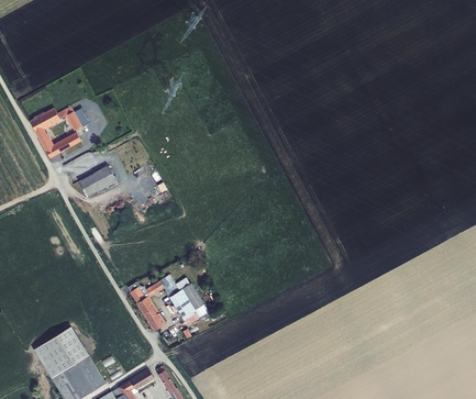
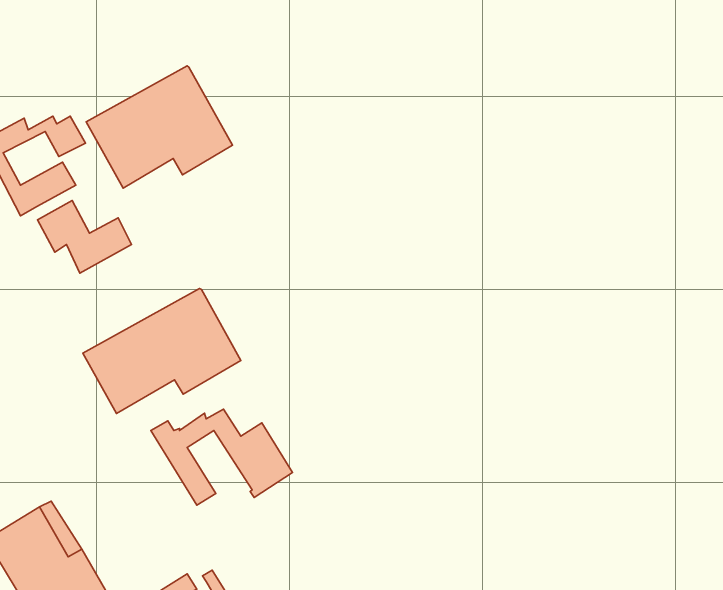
building: none -> [86,66,232,188]
building: none -> [83,289,241,414]

